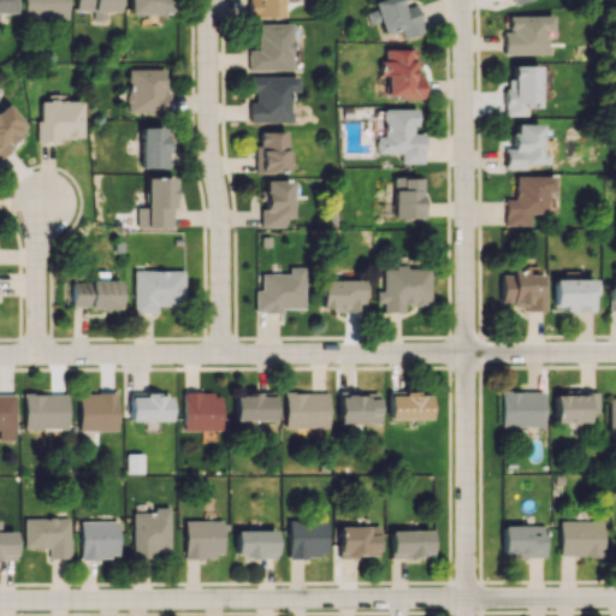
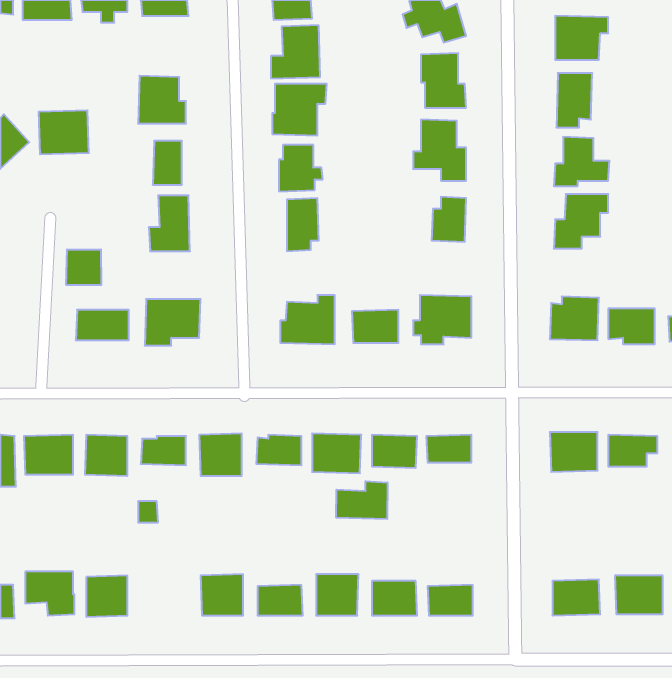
building: none -> [66,249,101,285]
building: none -> [336,481,387,519]
building: [136,508,173,557] -> none

